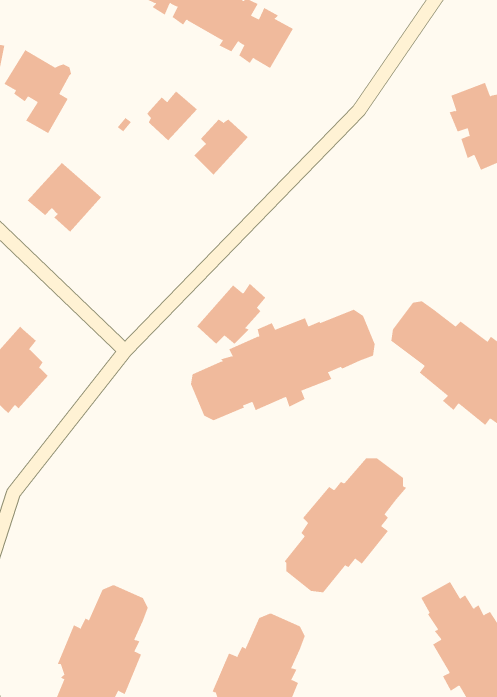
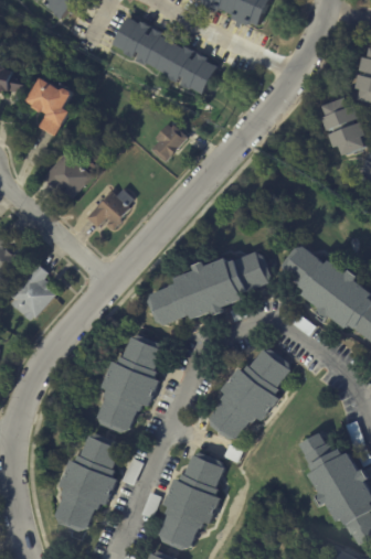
building: [146,91,198,141] -> none
building: [196,283,266,345] -> [85,191,131,232]
building: none -> [97,335,162,433]

